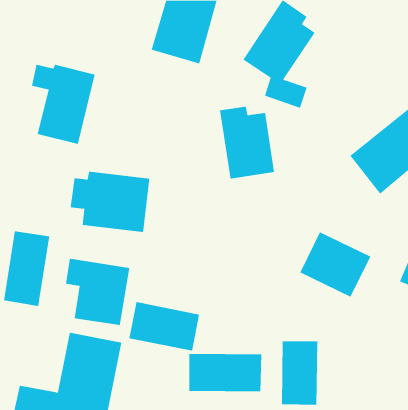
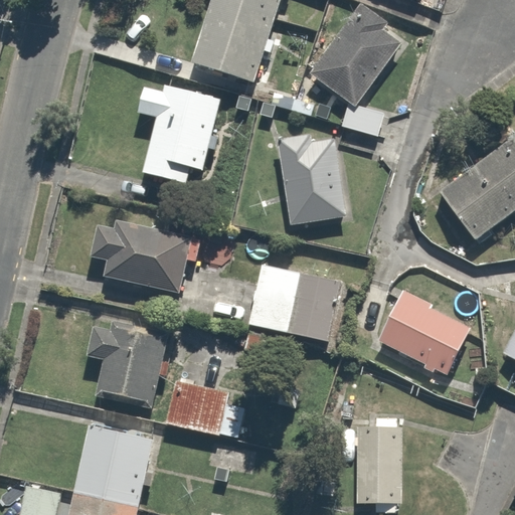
building: [31,64,95,145] -> [138,84,218,185]
building: none -> [239,263,343,369]
building: [4,231,50,307] -> none
building: [189,353,262,392] -> none

